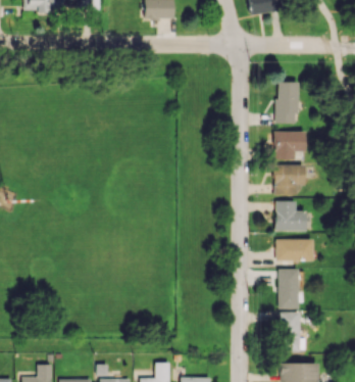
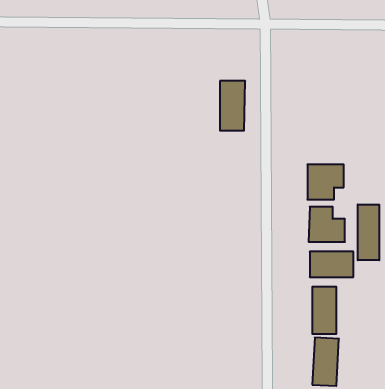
building: [276,82,298,124] -> [220,81,245,131]
building: [274,132,306,159] -> none
building: none -> [358,204,379,260]

